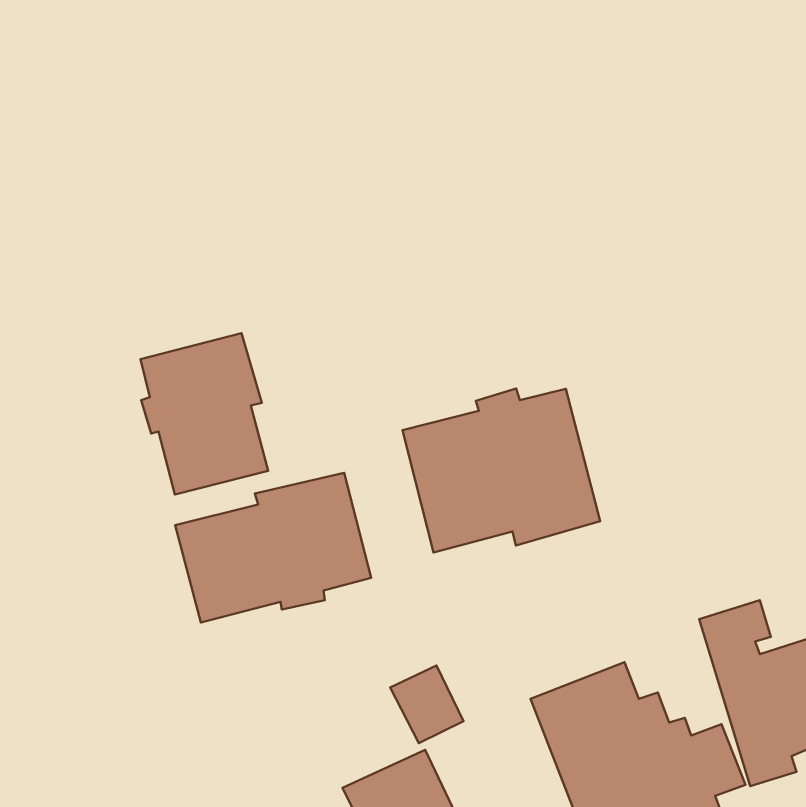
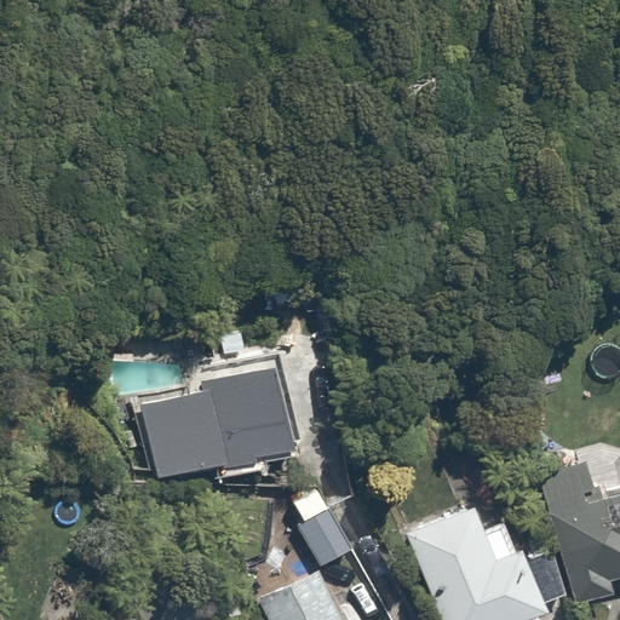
building: [141,333,268,495] -> none
building: [402,389,600,553] -> none

